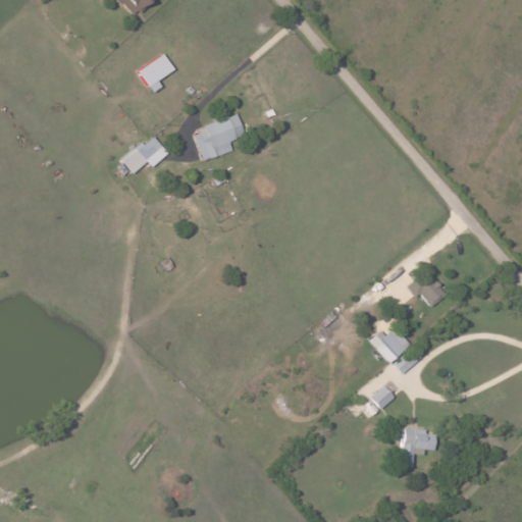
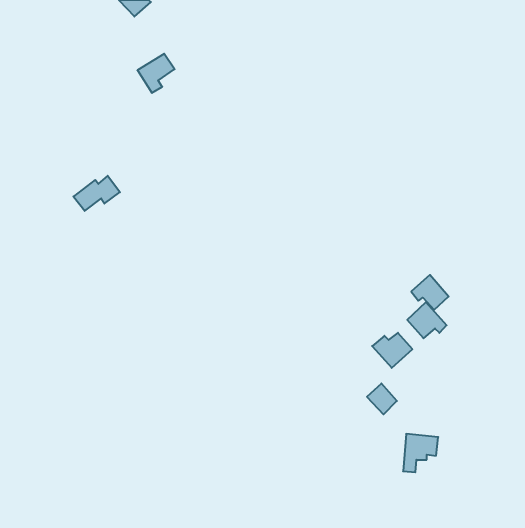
building: [193,115,246,160] -> none
building: [121,139,167,173] -> [73,176,120,211]
building: none -> [407,302,447,338]

